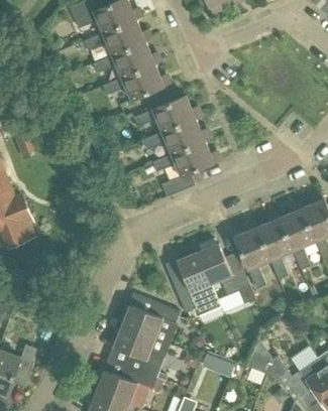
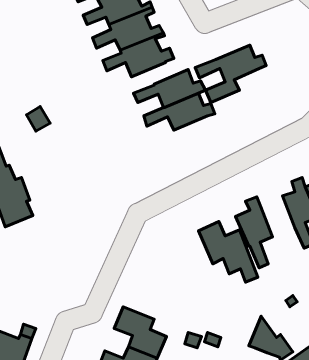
building: [152,140,222,196] -> [195,45,266,103]
building: [257,210,292,280] -> none
building: [172,253,211,312] -> none
building: [123,294,181,339] -> none

